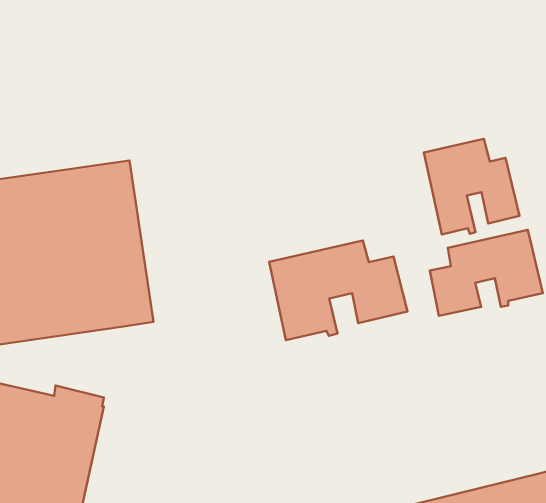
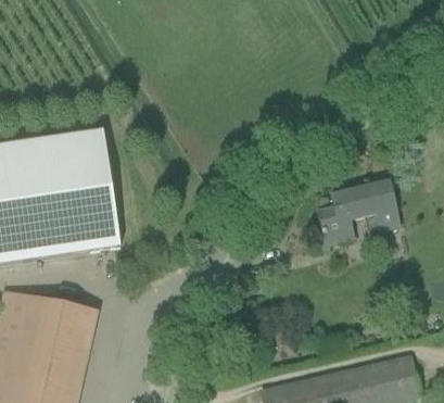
building: [424,139,520,235] -> none
building: [269,241,407,340] -> none

